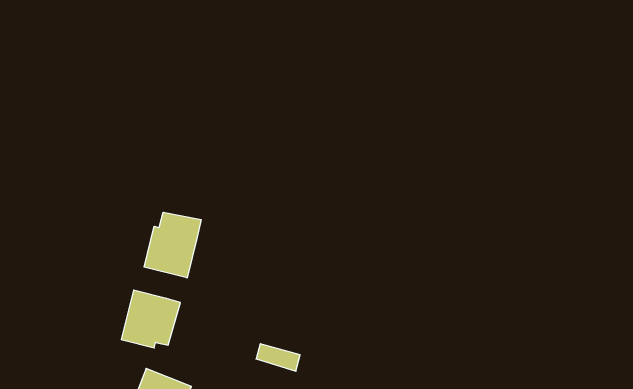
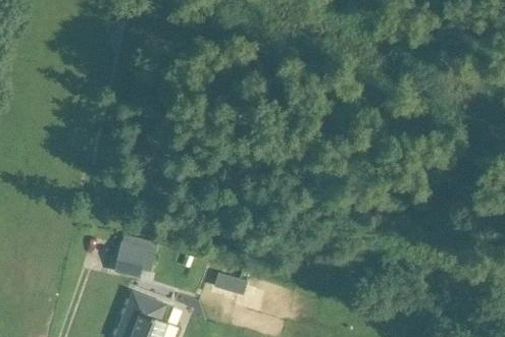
building: [144,212,201,278] -> none

